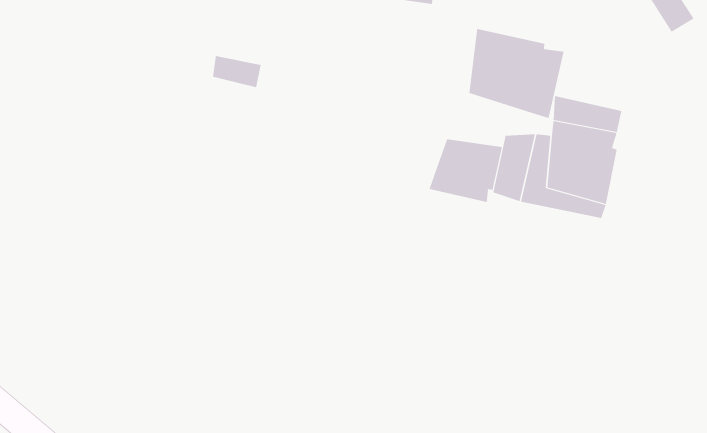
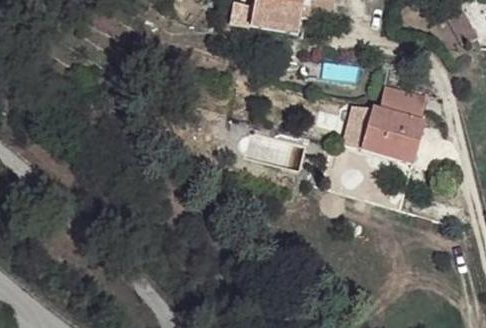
building: [469,28,564,119] -> none
building: [429,138,503,203] -> none

